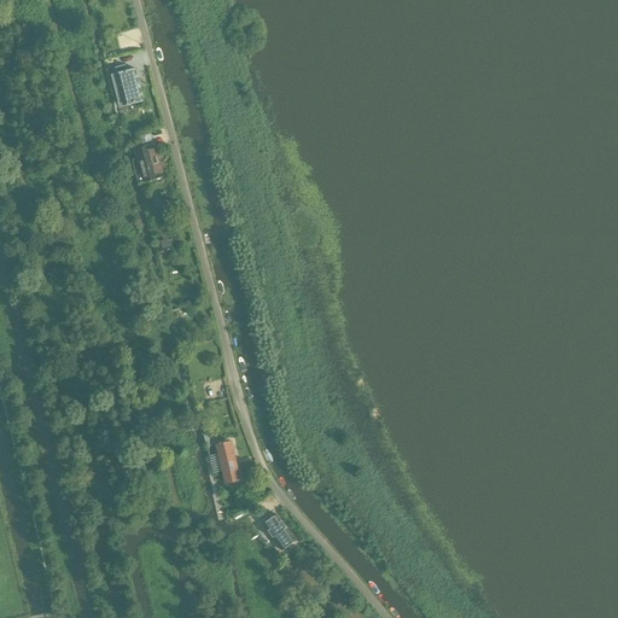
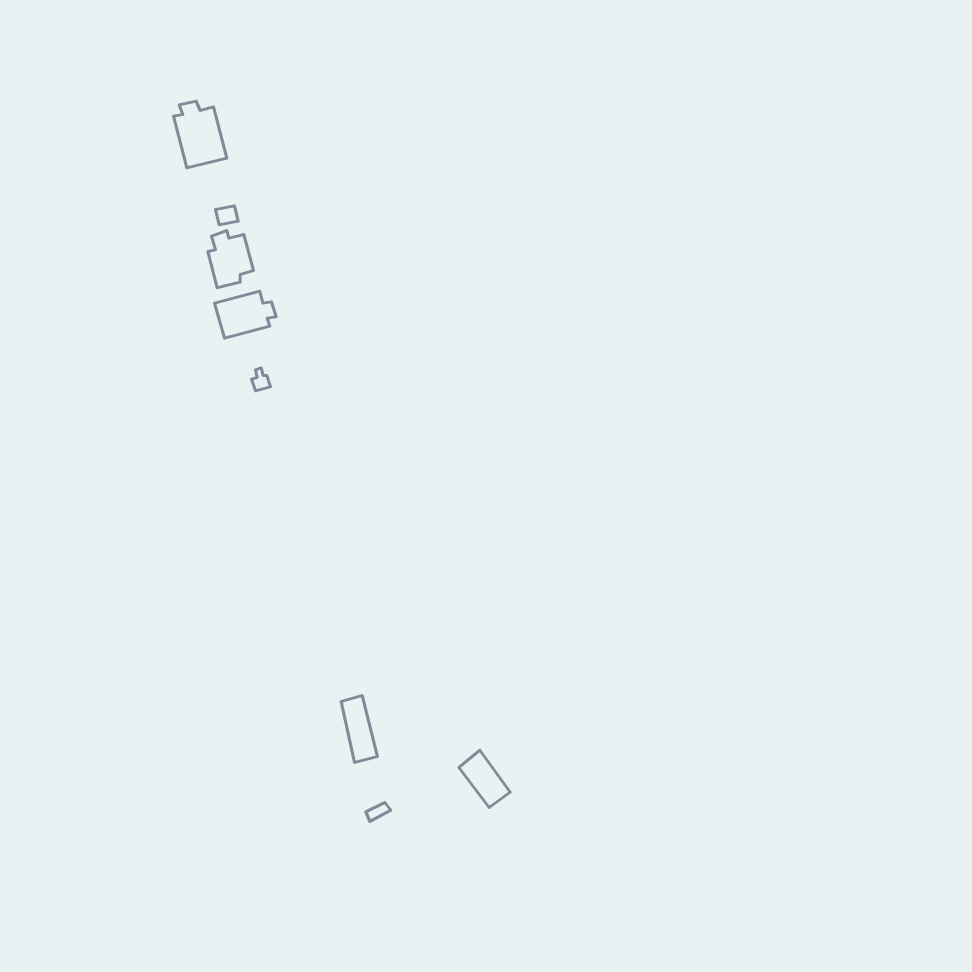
building: none -> [215,291,276,338]
building: [262,513,295,549] -> [459,750,510,807]

